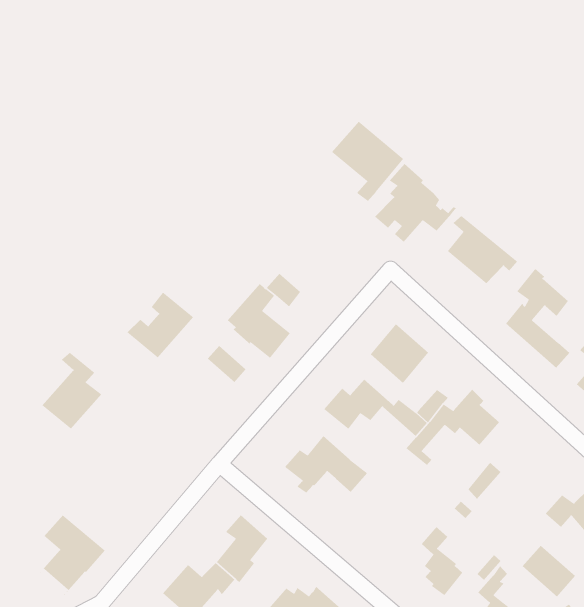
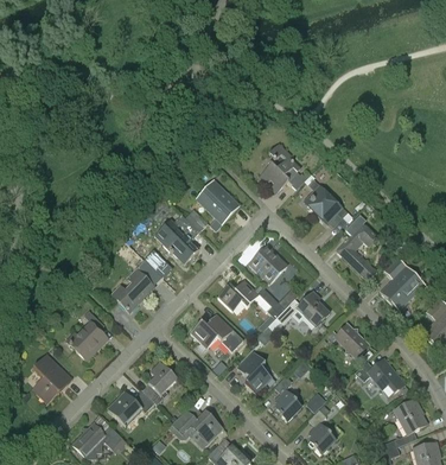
building: [331,121,404,202] -> [195,178,241,230]
building: [126,291,194,358] -> [112,268,155,311]
building: [41,352,102,429] -> [69,310,108,359]
building: none -> [237,350,275,393]
building: [522,545,576,597] -> [334,323,369,357]

